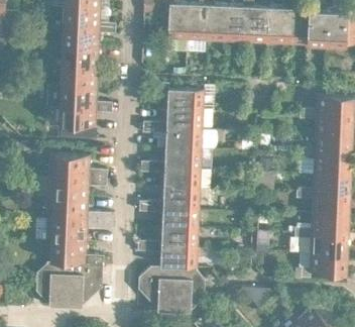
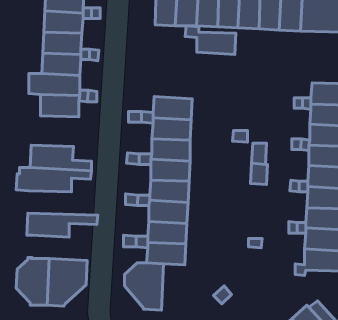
building: [155,82,204,109] -> [185,26,236,54]
building: [46,197,113,220] -> none
building: [49,239,103,263] -> none
building: [173,266,205,312] -> none

